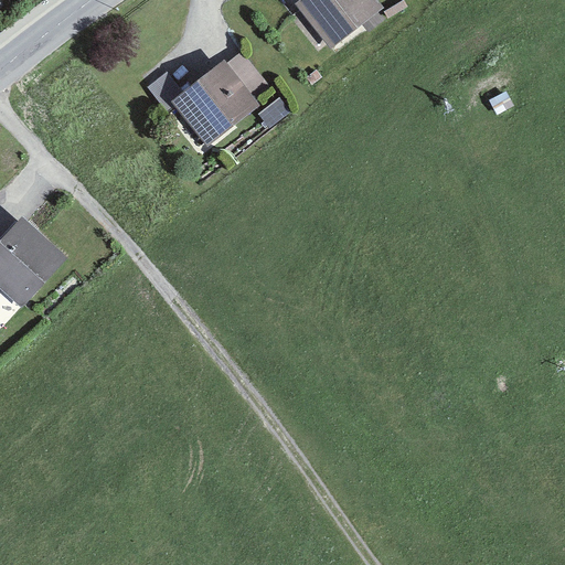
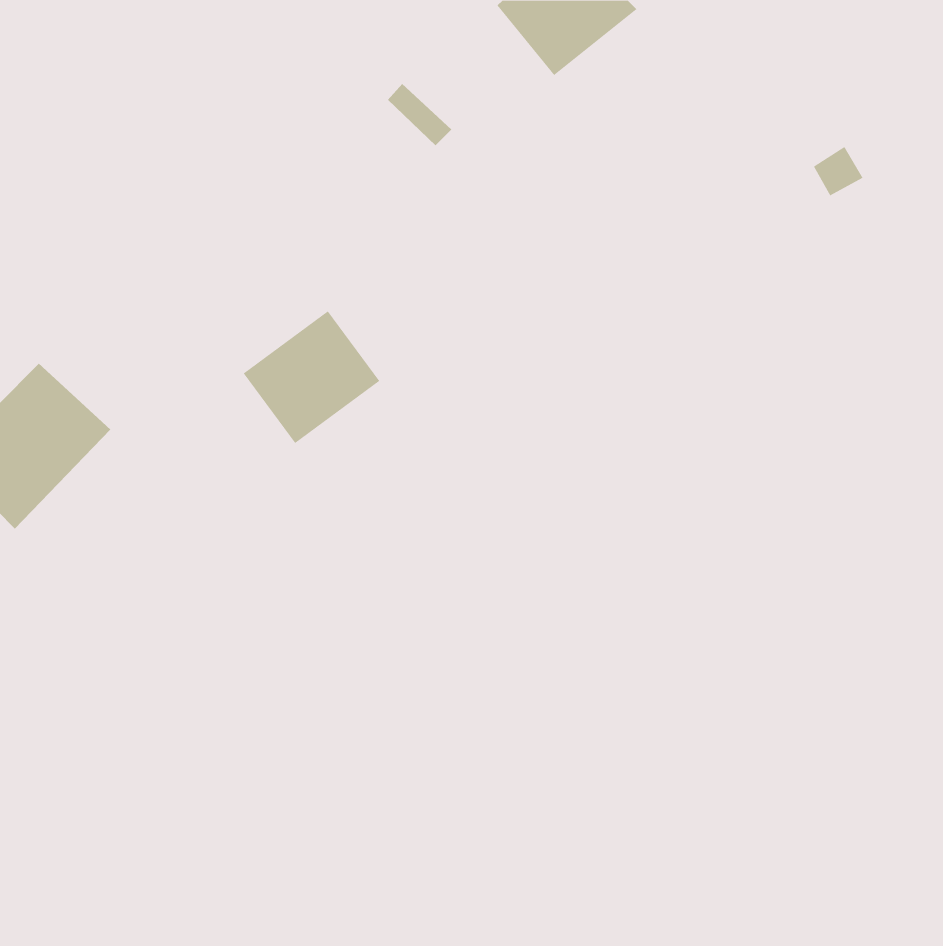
building: [174,63,256,142] -> [243,310,380,444]

